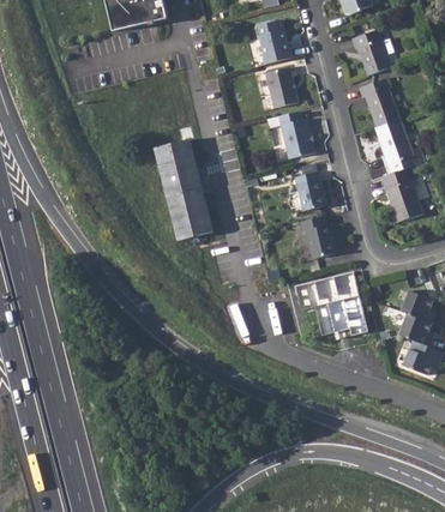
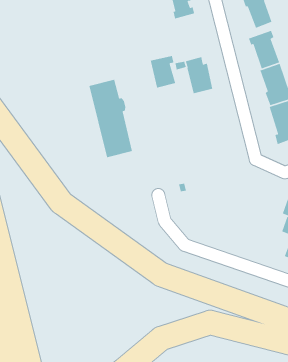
building: [265,66,299,108] -> [150,55,176,88]
building: [295,170,327,211] -> none
building: [301,216,338,258] -> none
building: [295,272,368,336] -> none

